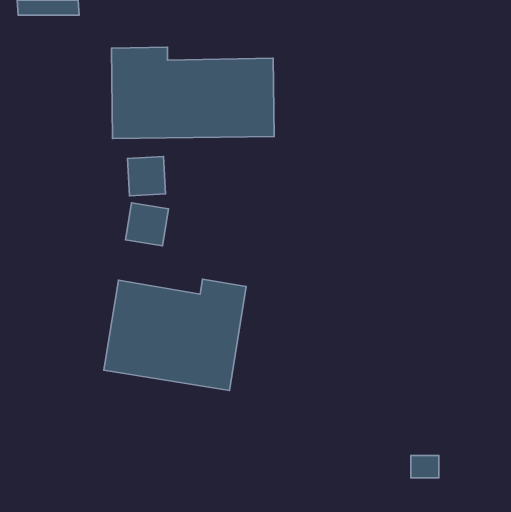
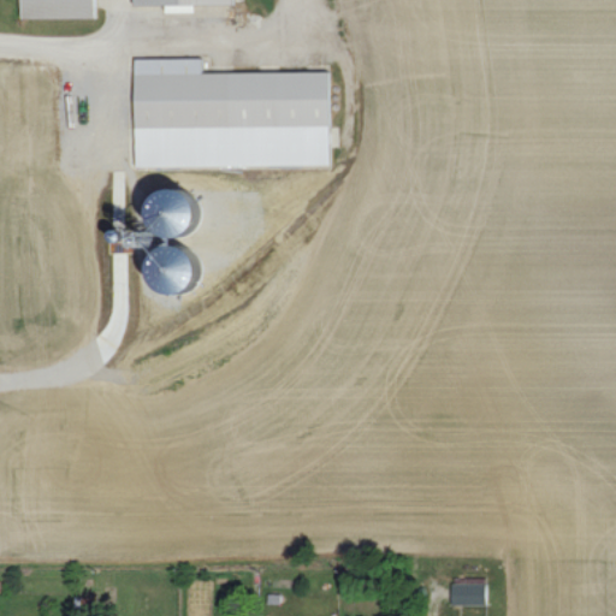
building: [104,279,246,391] -> none
building: [411,456,439,478] -> [451,579,485,605]

